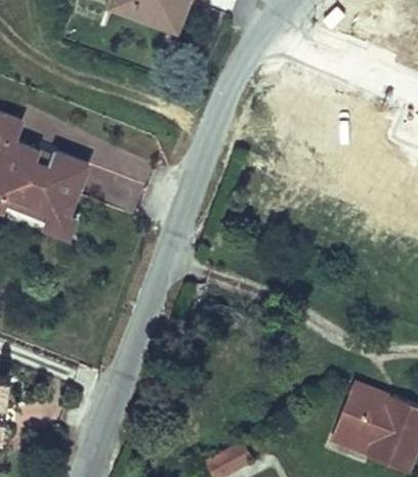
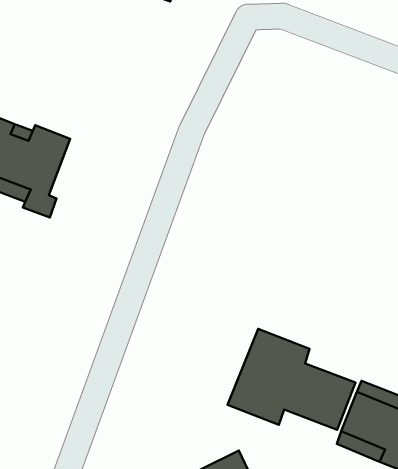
building: none -> [228,329,355,430]

